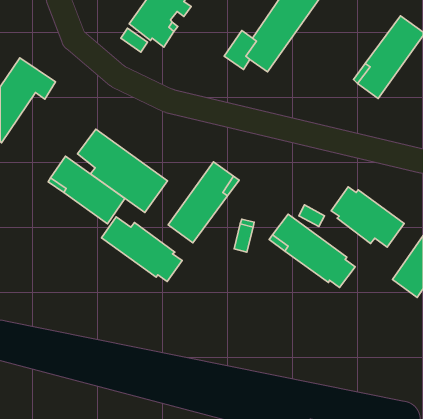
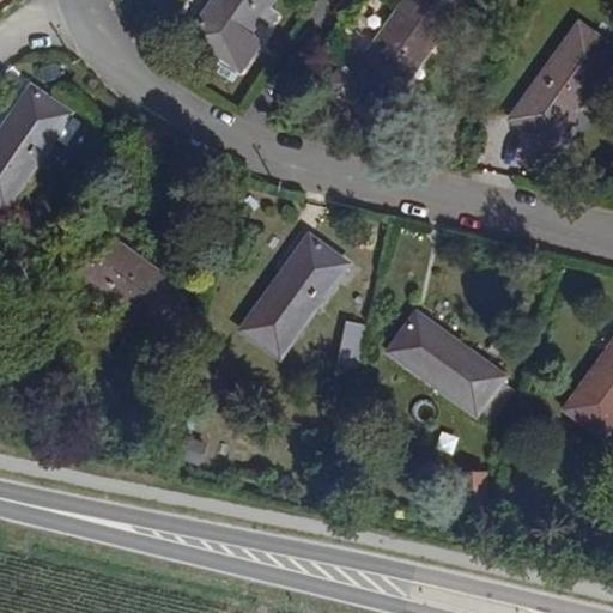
building: [78,129,167,212] -> none
building: [331,187,404,247] -> none
building: [101,217,182,281] -> none

